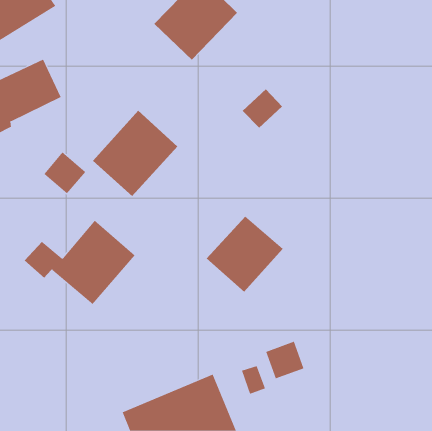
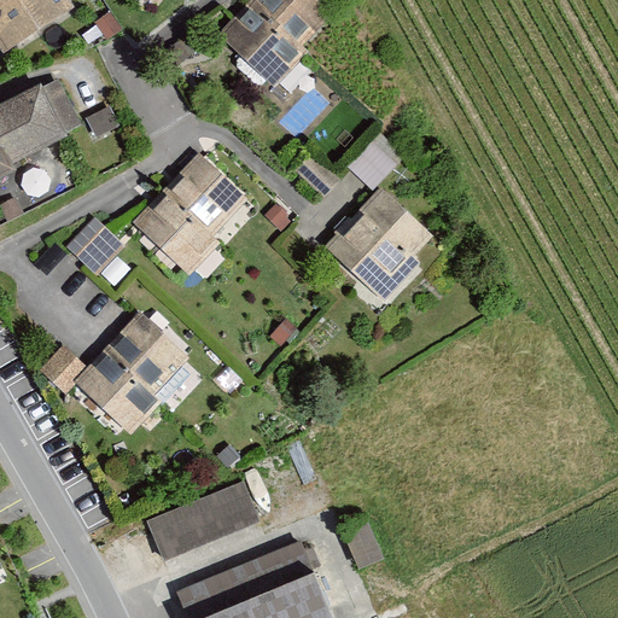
building: [206,216,283,292] -> [322,188,432,297]
building: none -> [144,479,260,564]
building: [265,341,304,379] -> none

